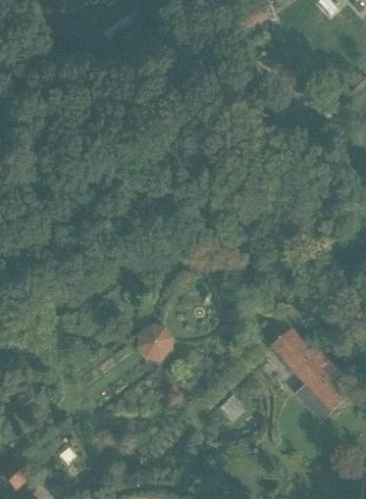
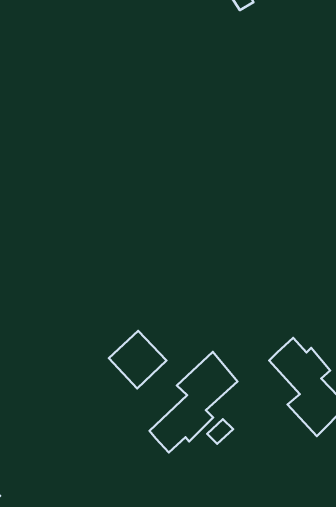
building: none -> [149,352,238,453]

